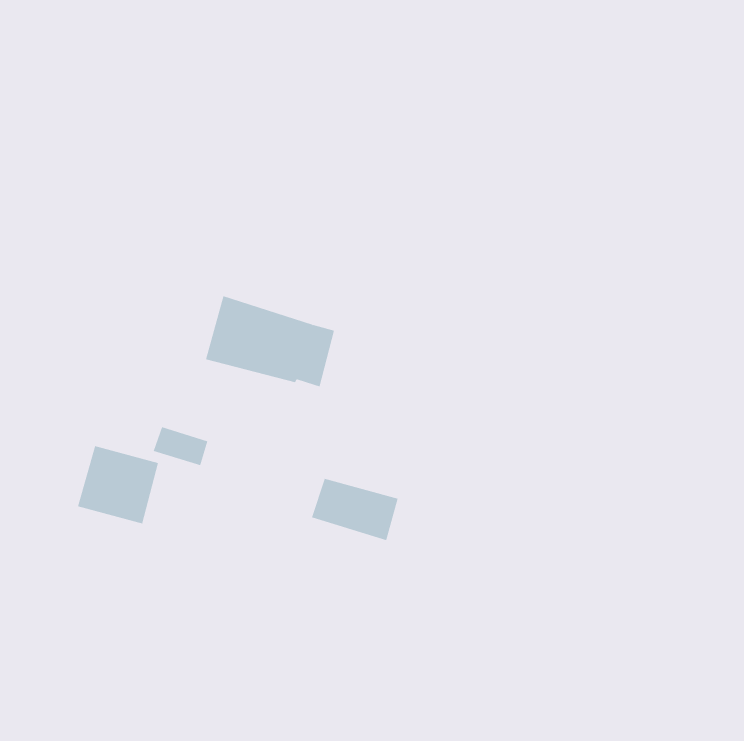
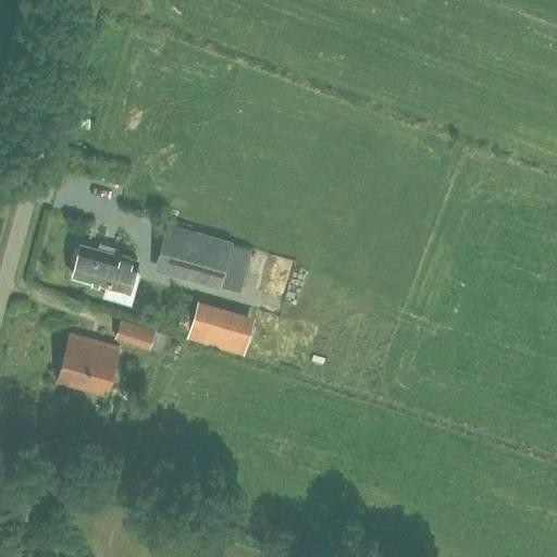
building: none -> [73,245,137,292]
building: [311,478,399,541] -> [188,305,253,351]

